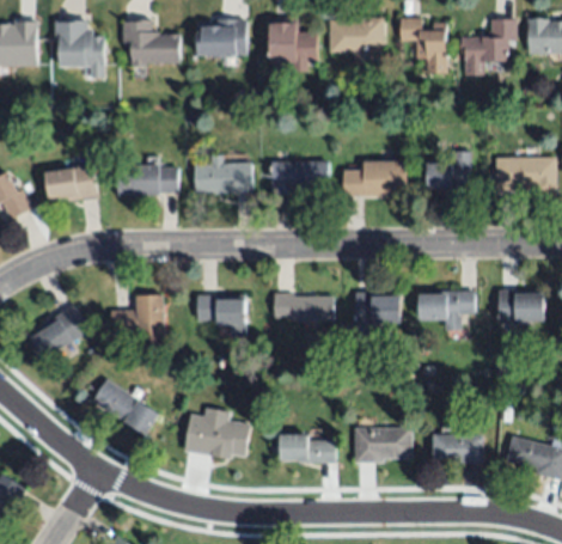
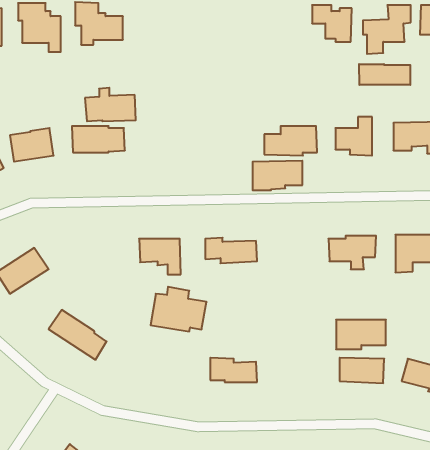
building: [203,18,251,53] -> none
building: [328,18,383,53] -> none
building: [269,19,317,63] -> none
building: none -> [359,64,410,85]
building: [195,151,255,190] -> [85,88,136,121]
building: [270,160,329,195] -> [253,161,302,190]
building: [355,292,401,336] -> none
building: [110,294,165,338] -> none
building: [184,407,250,459] -> [151,287,207,331]
building: [353,428,411,463] -> [336,320,386,349]

